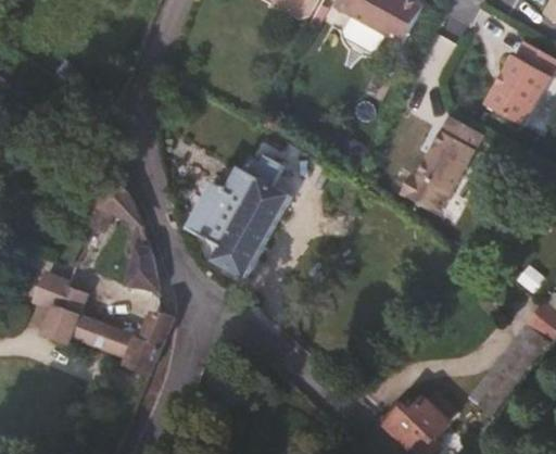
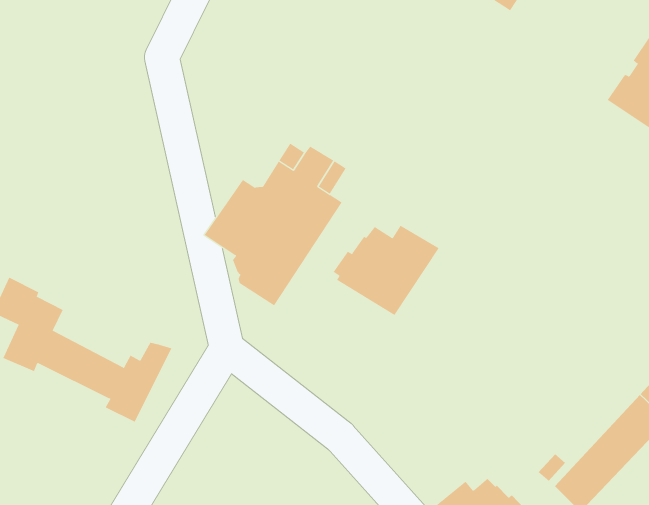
building: [401,114,483,213] -> none
building: [88,174,155,292] -> none
building: none -> [333,225,439,316]

